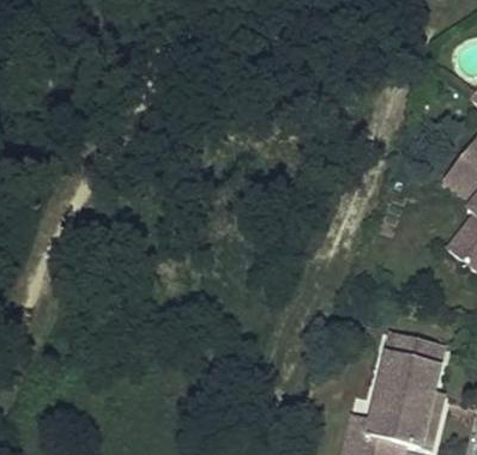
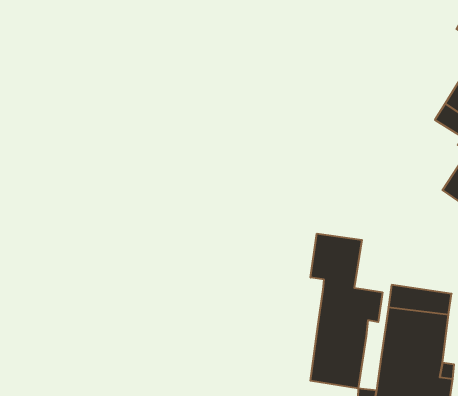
building: none -> [310,234,382,388]

